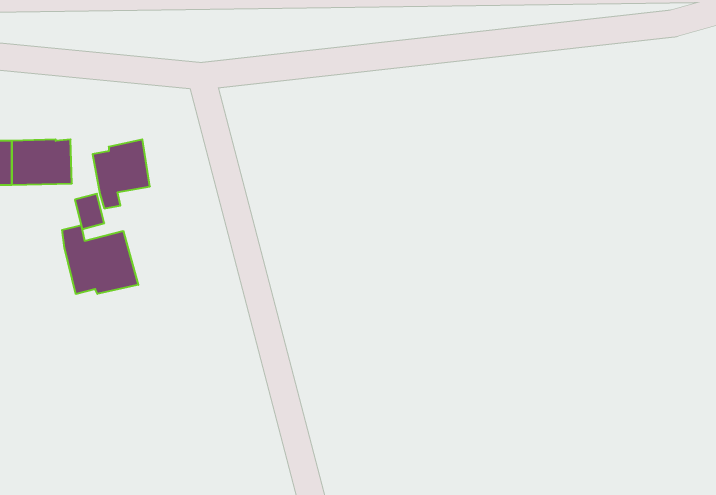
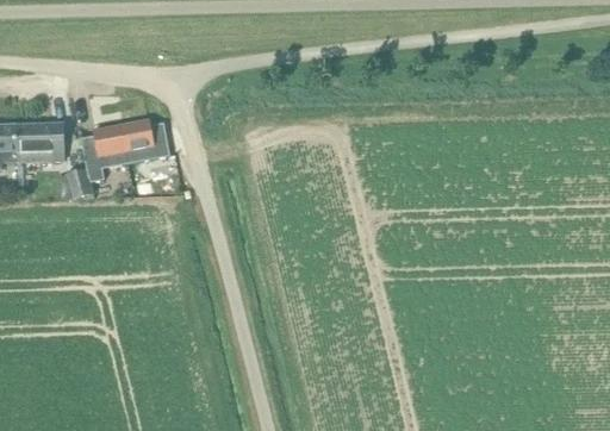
building: none -> [122,119,169,162]
building: [62,225,138,294] -> none

